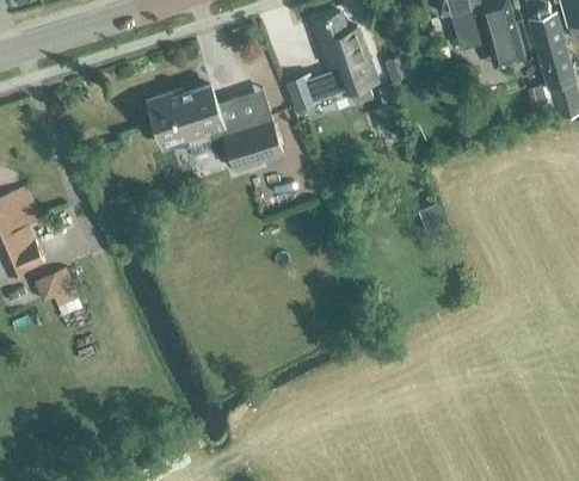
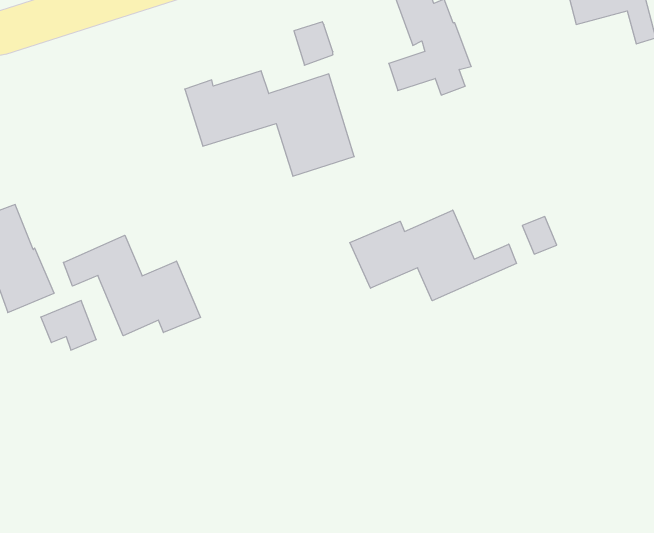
building: [287,79,318,113] -> [294,22,333,65]
building: none -> [350,210,516,301]
building: none -> [63,235,201,336]

